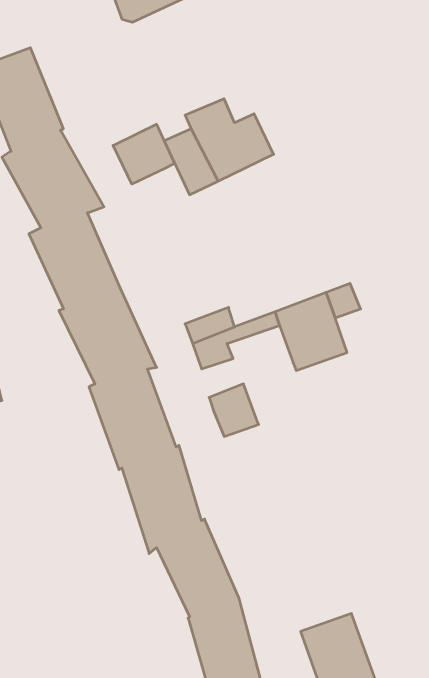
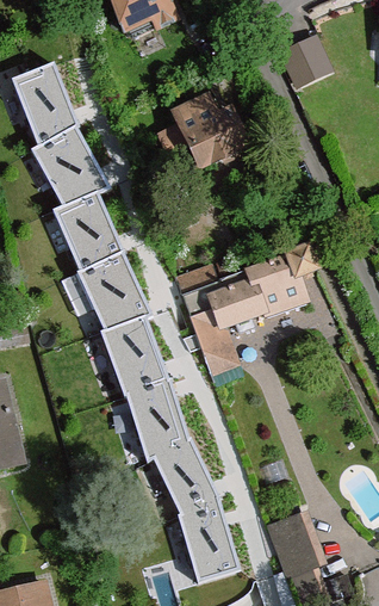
building: none -> [282,38,329,85]
building: [113,124,174,184] -> none
building: none -> [209,280,261,326]

